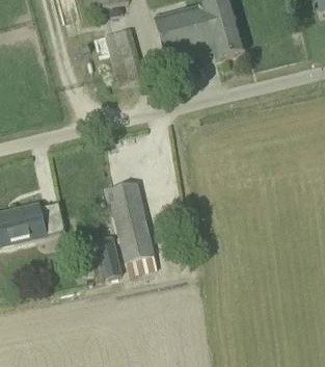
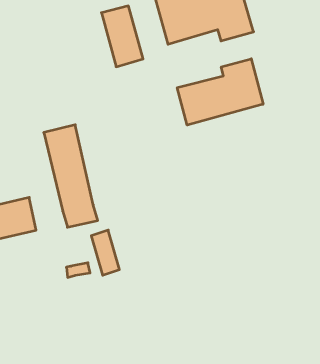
building: none -> [177,59,263,125]
building: [107,180,157,274] -> [44,125,98,227]

